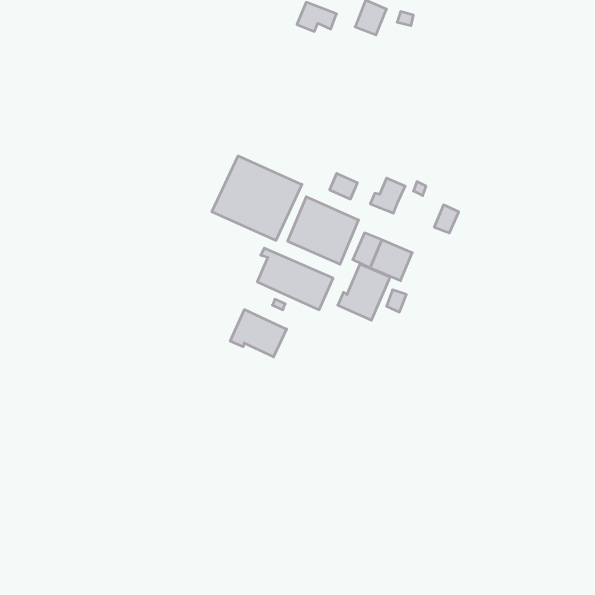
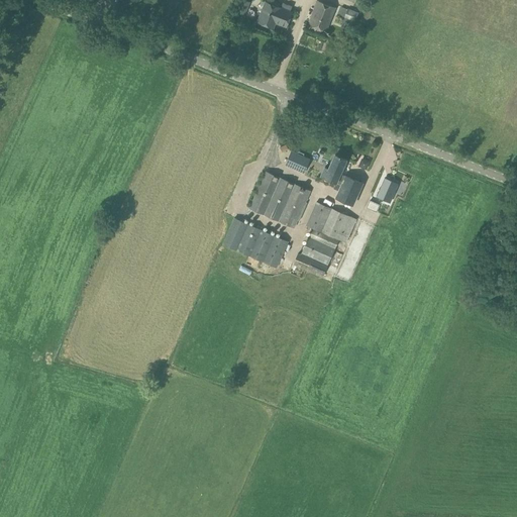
building: [212,156,302,240] -> none
building: none -> [335,175,364,206]
building: [230,310,287,357] -> none

